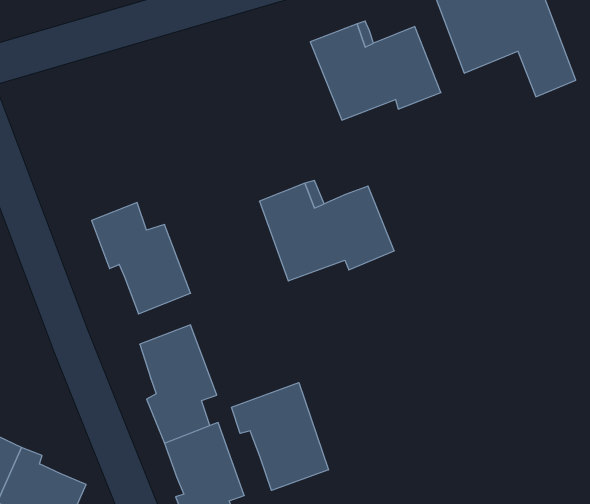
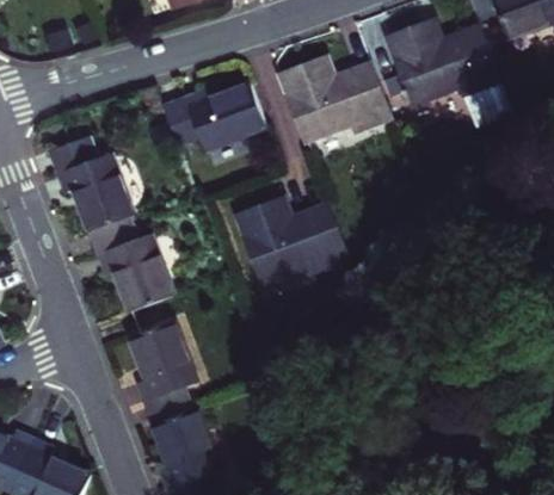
building: none -> [162,80,267,148]
building: none -> [50,137,136,234]
building: [232,383,328,490] -> none

